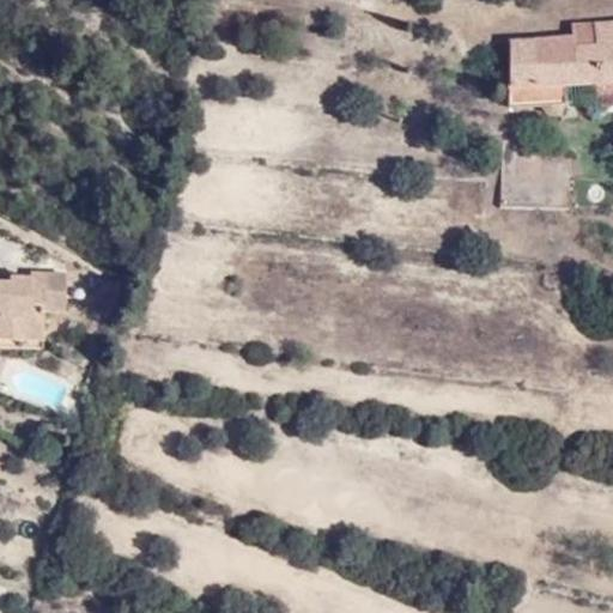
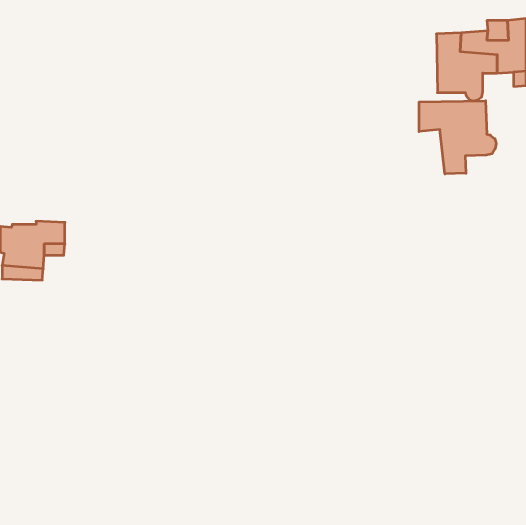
building: none -> [419,101,496,174]

